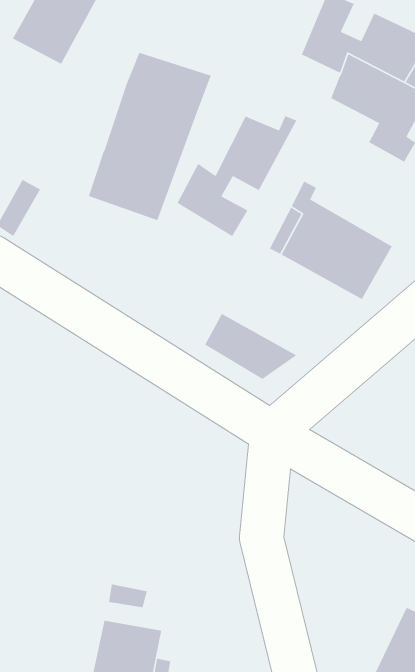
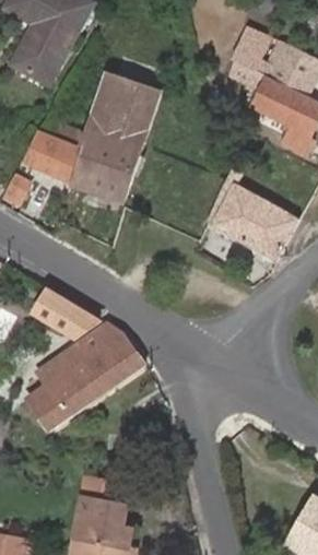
building: [176,115,297,237] -> none
building: none -> [25,133,80,181]
building: [204,313,297,380] -> [28,288,98,339]
building: none -> [26,321,143,429]

